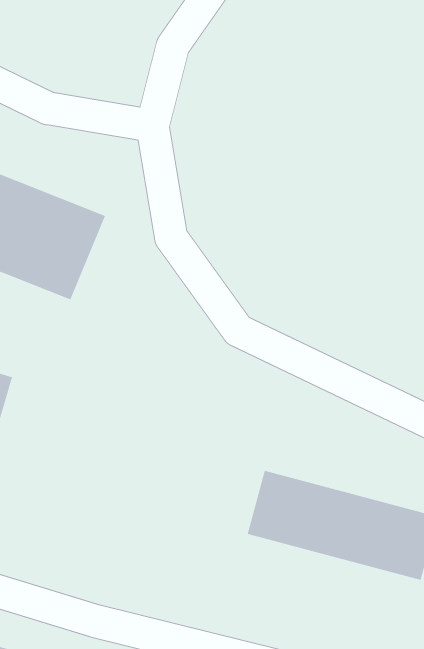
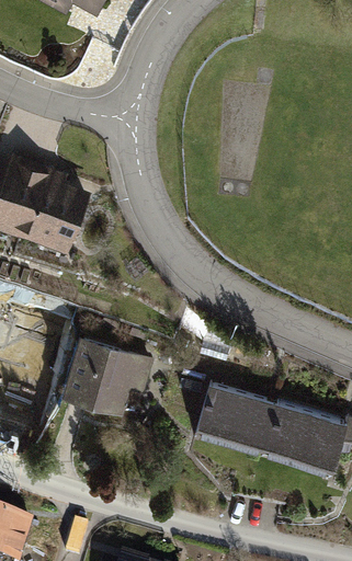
building: none -> [64,339,151,408]

